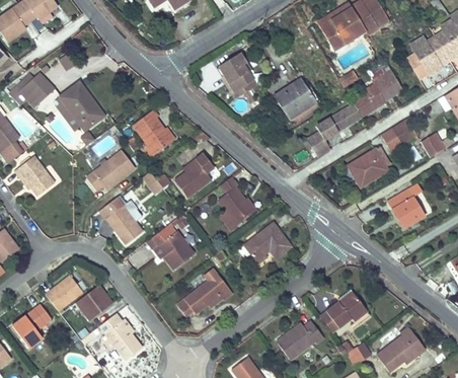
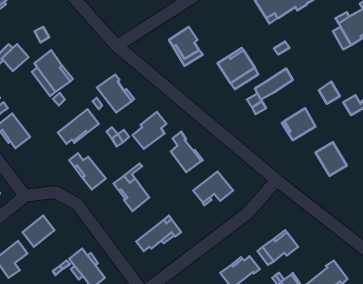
building: [354,63,402,116] -> none
building: [77,286,113,320] -> none

